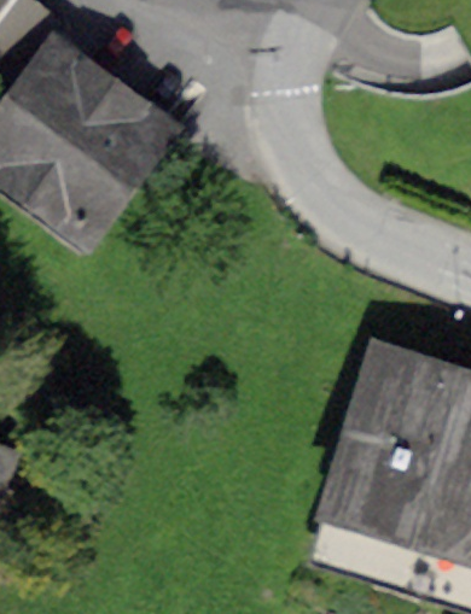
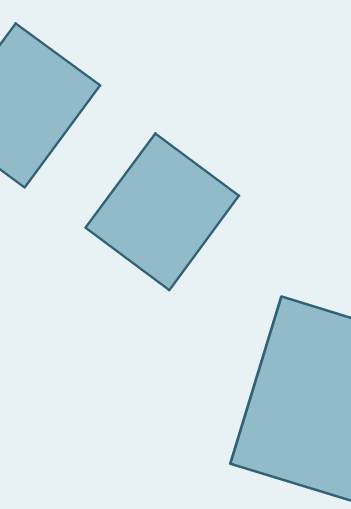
building: none -> [86,133,239,290]

